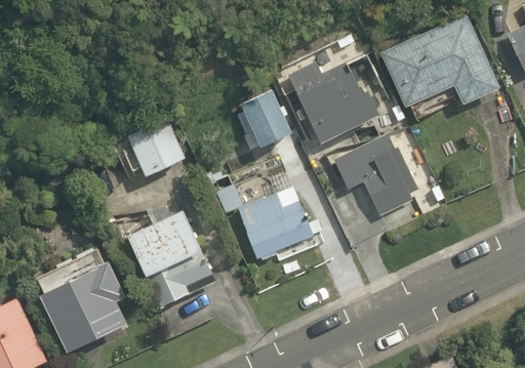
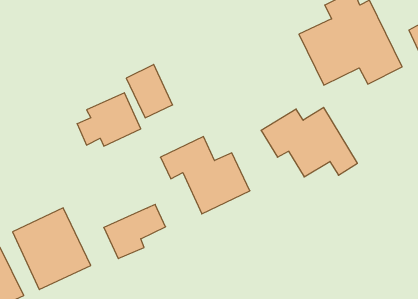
building: [288,46,383,144] -> none
building: [233,88,288,152] -> [126,64,173,118]
building: [126,215,196,278] -> none

